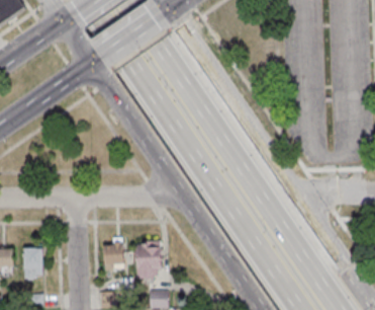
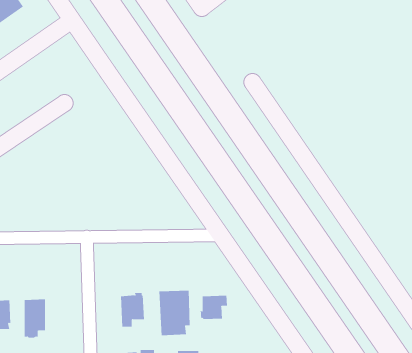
building: none -> [200,295,228,320]

